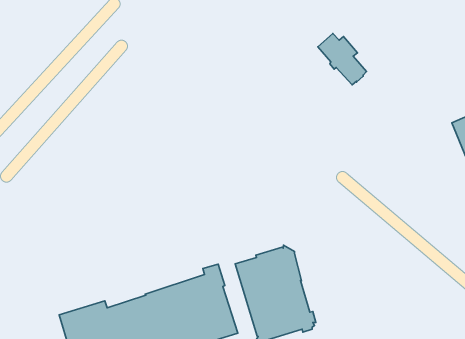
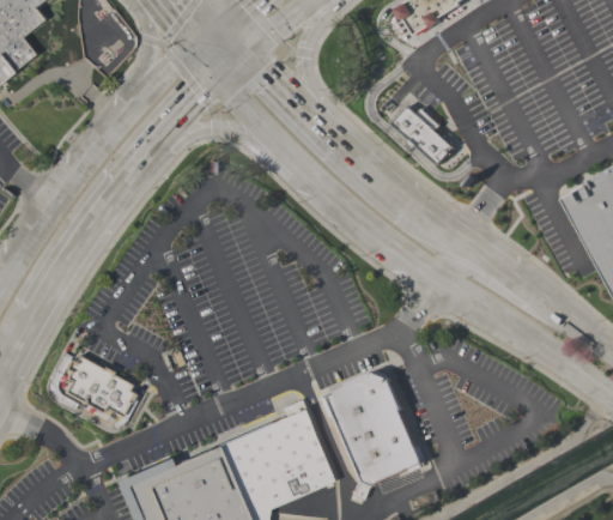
building: none -> [67,356,136,417]

